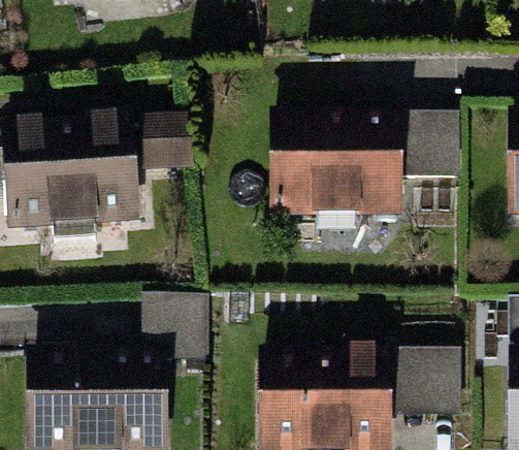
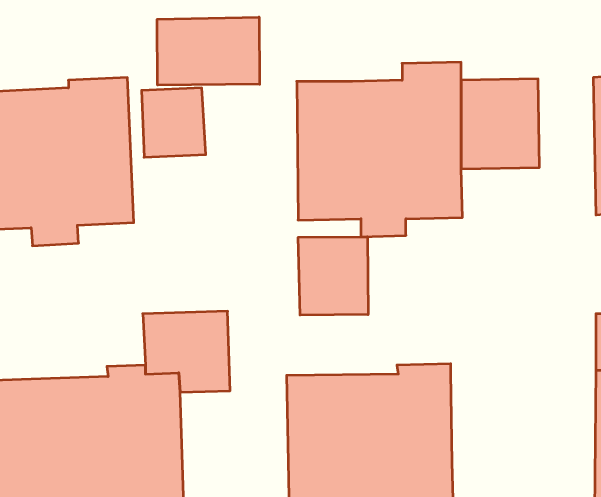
building: none -> [157,17,260,85]
building: none -> [298,237,368,315]
building: [393,344,462,417] -> none

